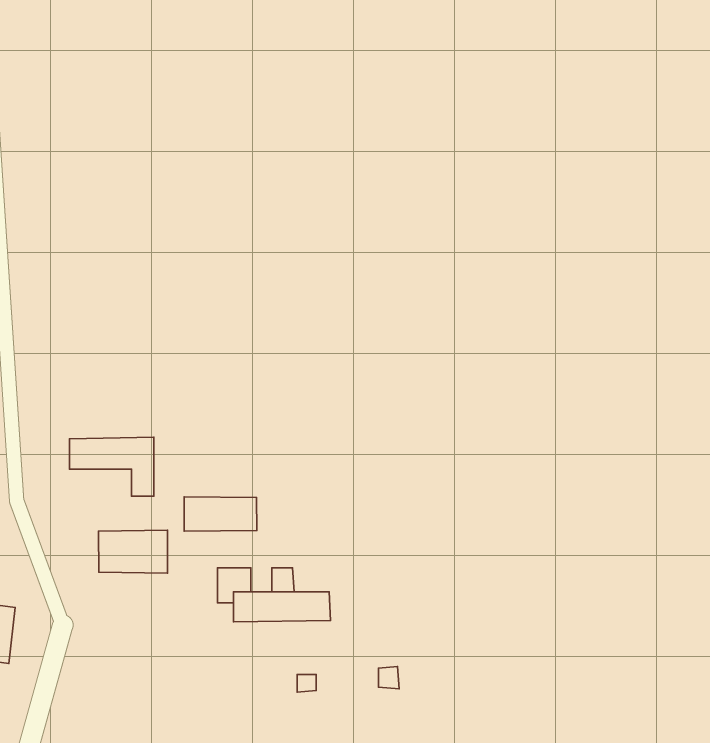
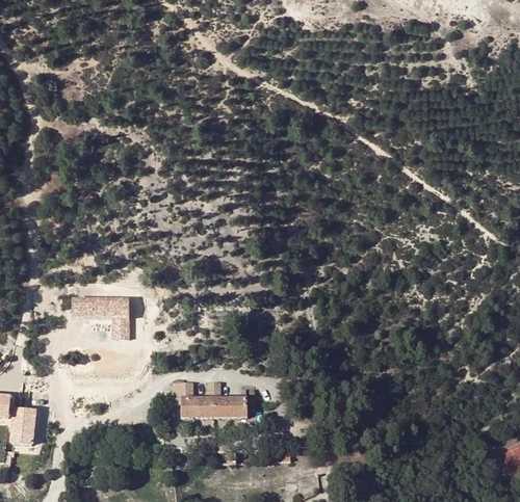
building: [184,497,257,531] -> none
building: [98,530,168,573] -> none

